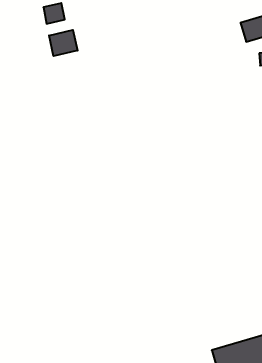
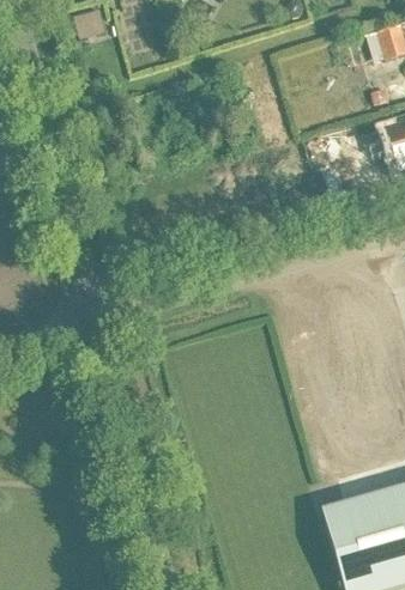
building: [49,30,78,56] -> none

